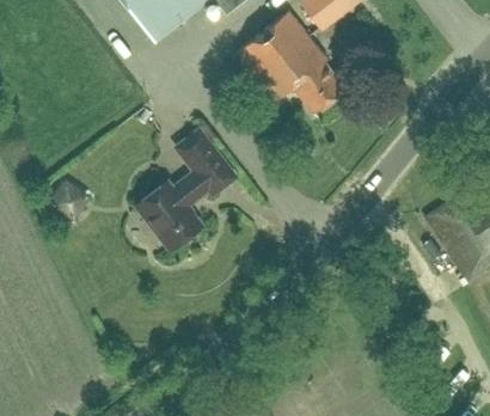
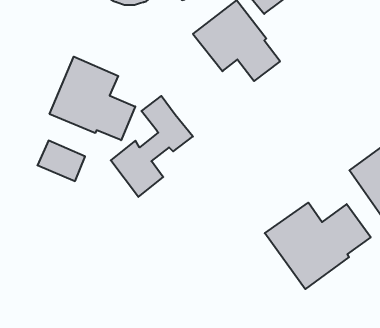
building: none -> [50,57,135,140]
building: none -> [265,203,371,289]

